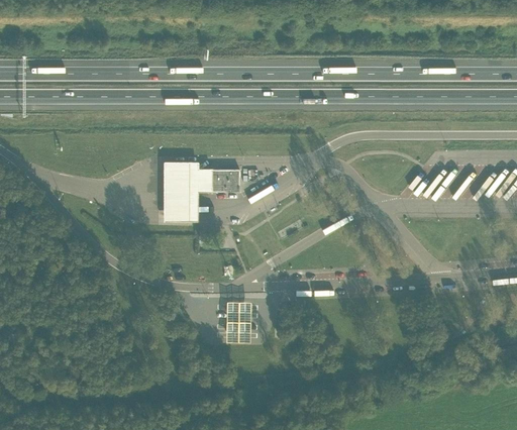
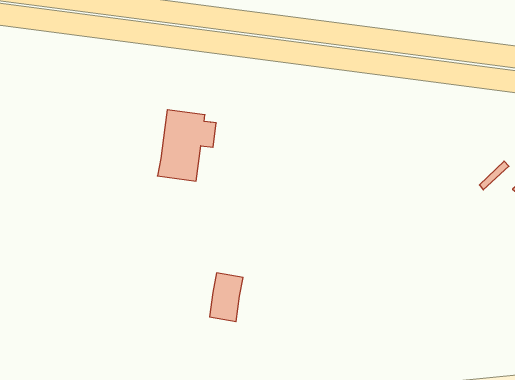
building: [209,169,238,191] -> none

